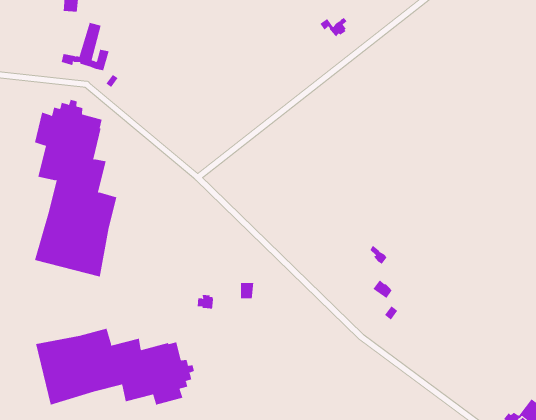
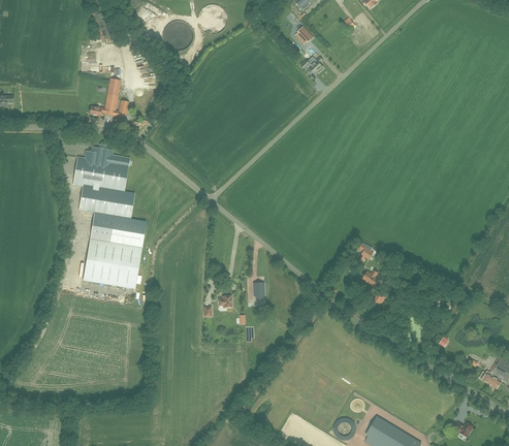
building: [35,328,195,405] -> none

